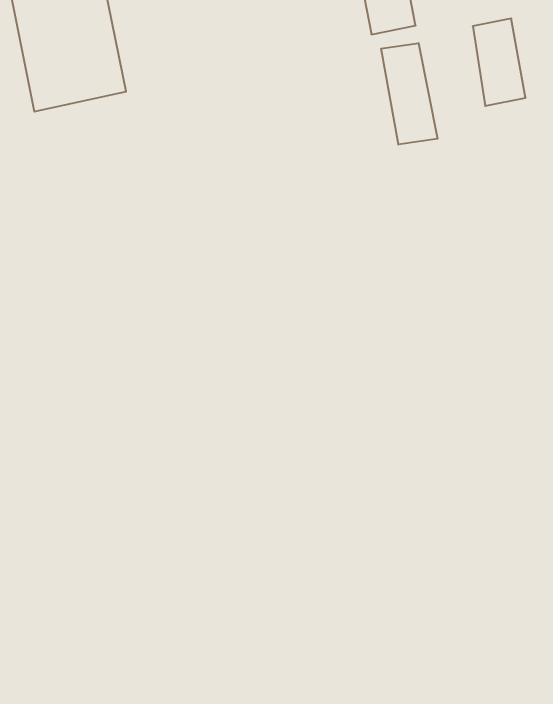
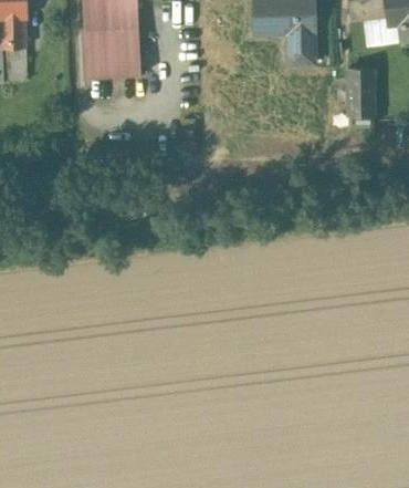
building: [381,43,438,145] -> none

